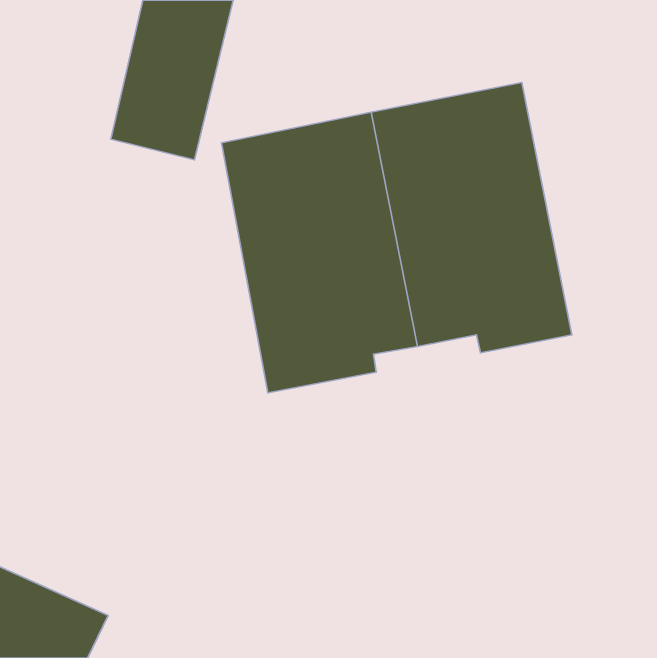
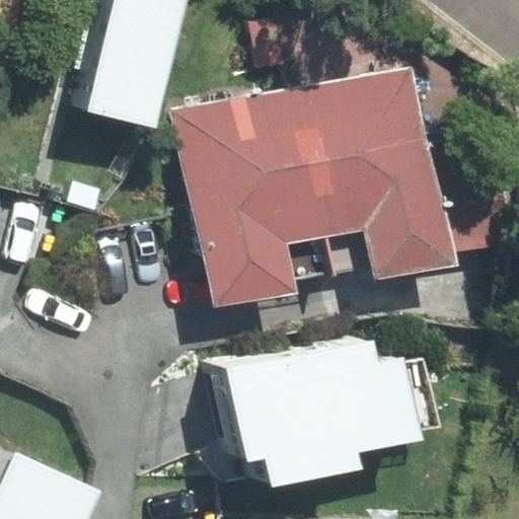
building: none -> [227,340,437,489]

